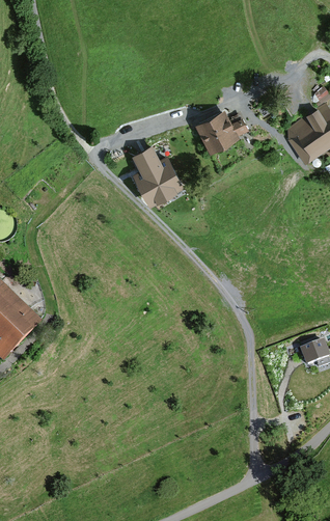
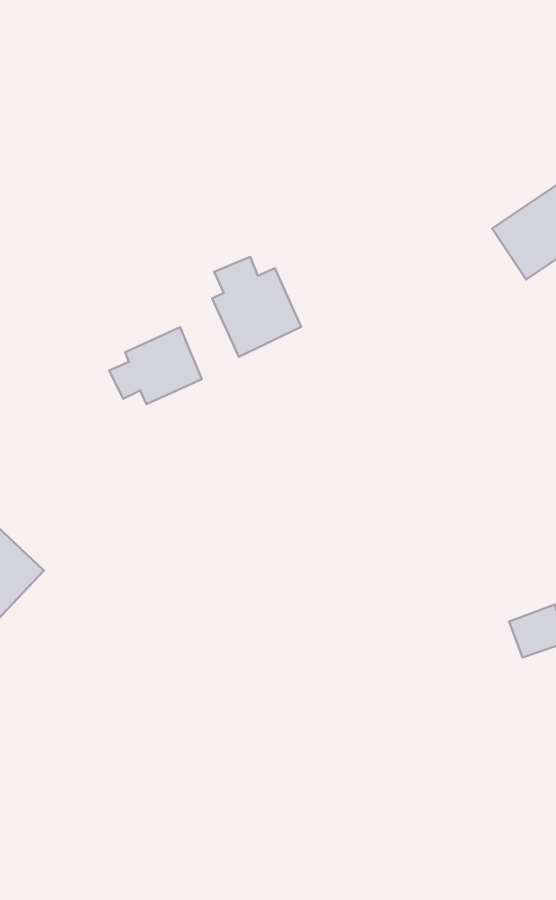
building: [196,113,245,153] -> none
building: none -> [109,327,202,404]

